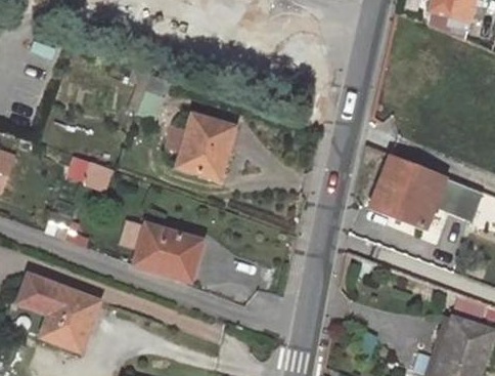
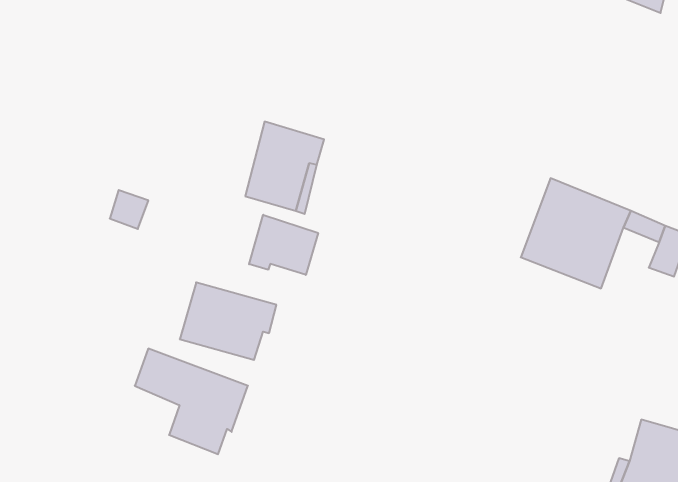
building: none -> [249,215,318,275]
building: [19,276,97,348] -> [135,349,248,454]

